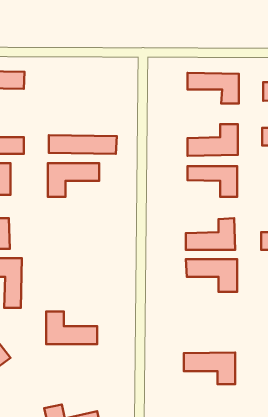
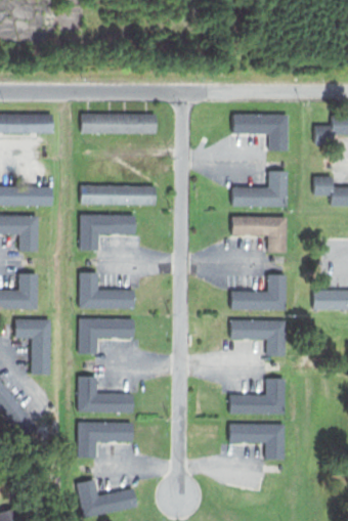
building: none -> [81,113,158,133]
building: none -> [78,273,134,309]
building: none -> [78,318,134,353]
building: none -> [230,379,285,416]
building: none -> [77,421,130,457]

